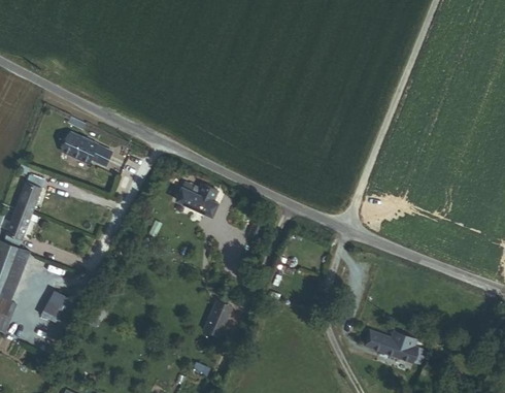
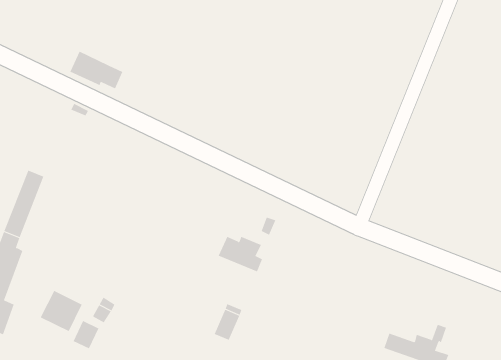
building: [60,130,110,166] -> [69,51,123,89]
building: [174,183,216,217] -> [218,236,263,272]
building: none -> [73,320,99,349]

